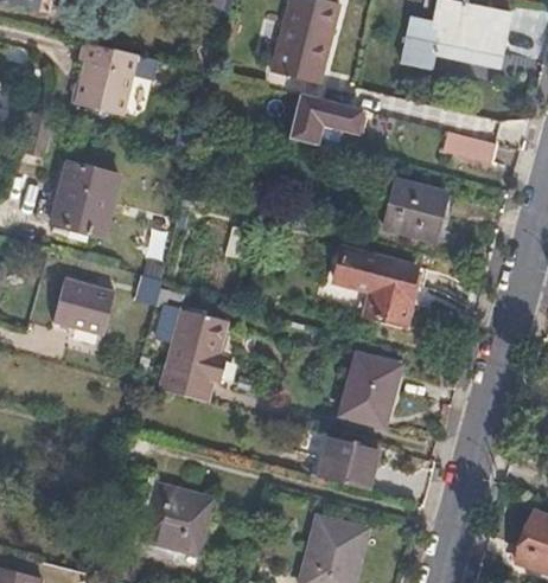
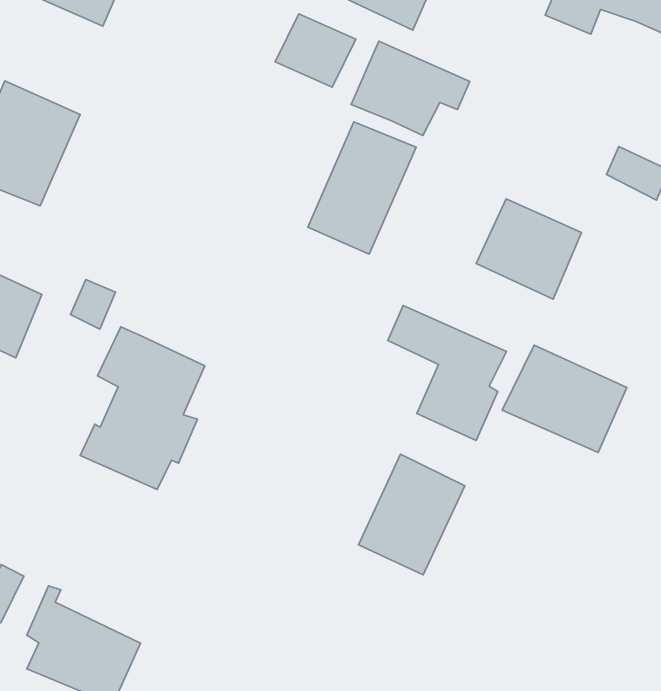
building: none -> [275,14,356,87]
building: none -> [308,122,416,254]
building: none -> [502,345,627,453]
building: [294,427,377,488] -> none

